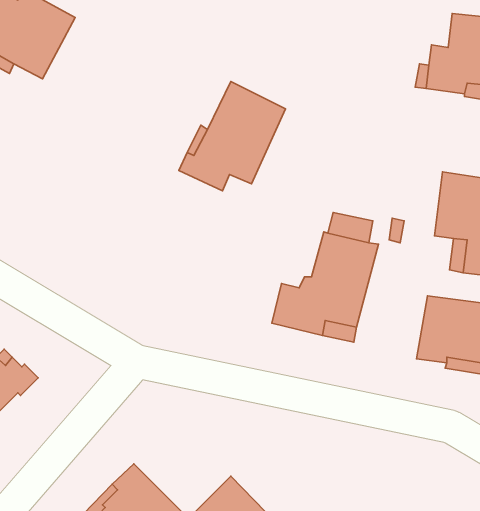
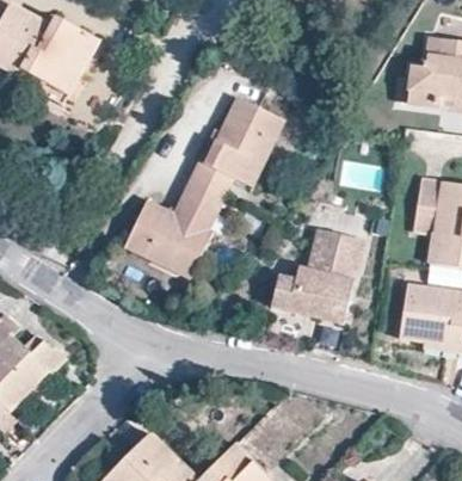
building: none -> [124,174,228,278]

